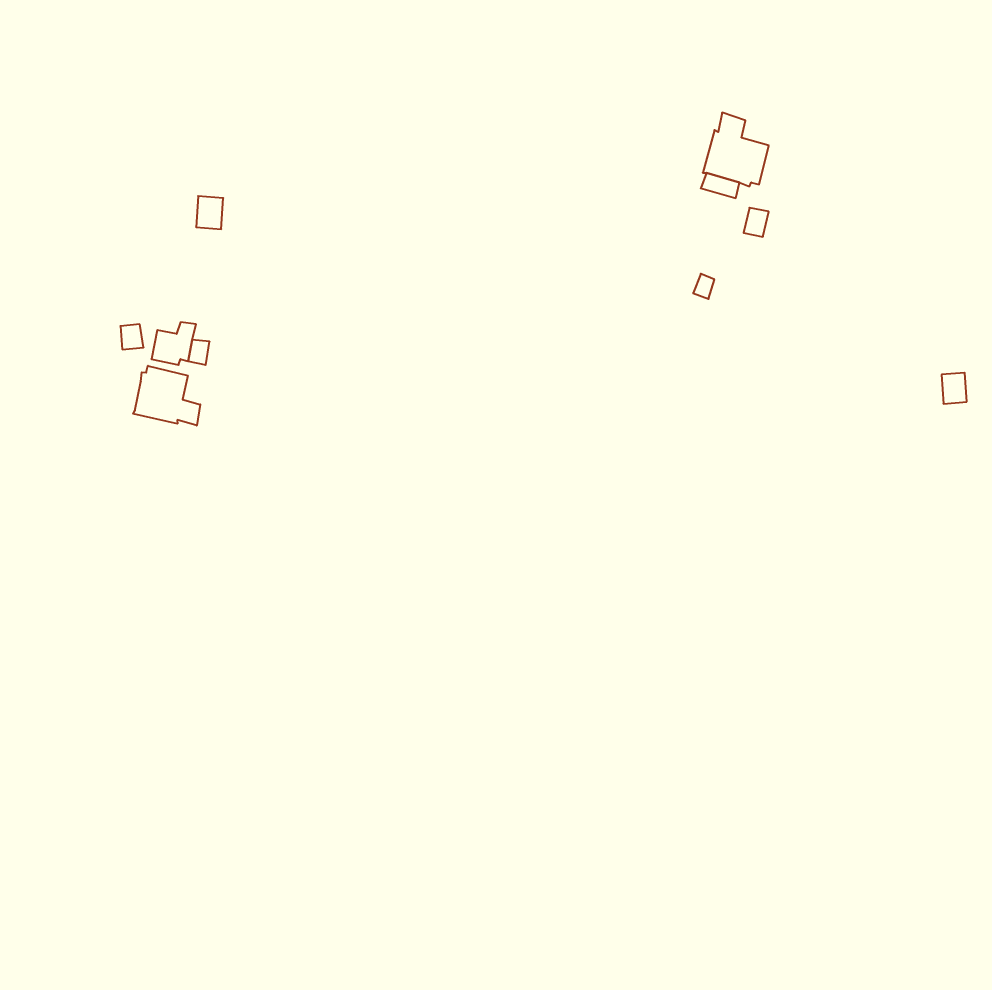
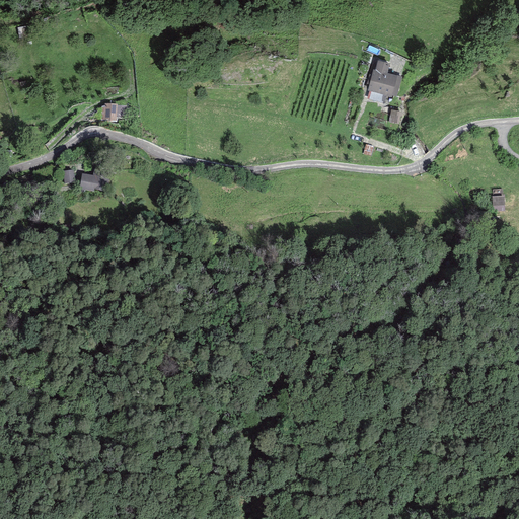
building: [133,366,200,426] -> none

